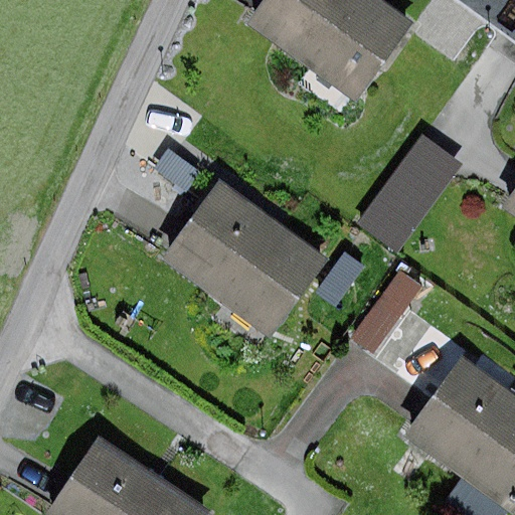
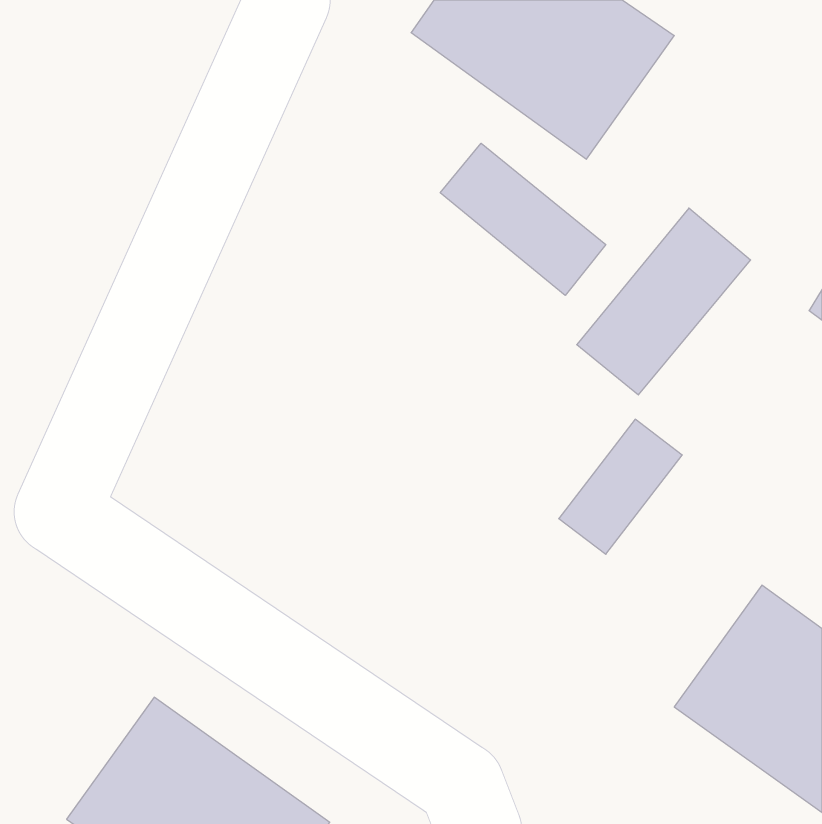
building: none -> [440,143,606,295]
building: [162,180,326,333] -> none

